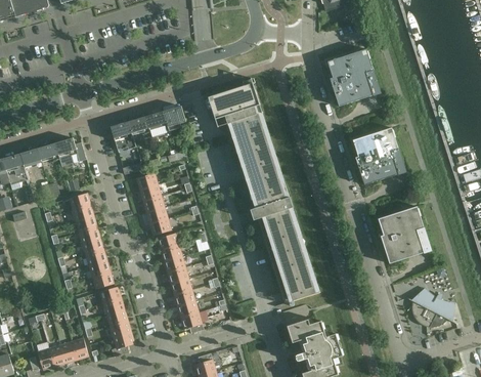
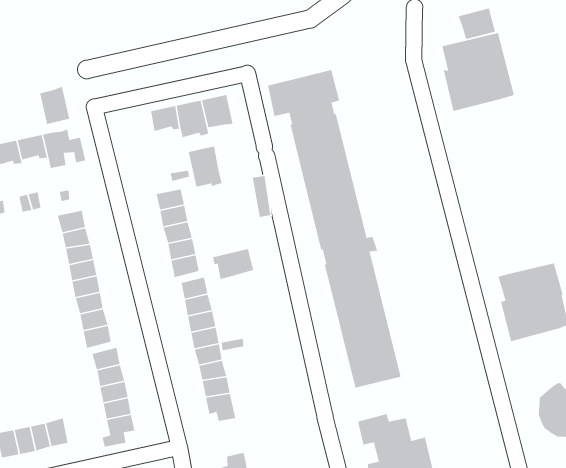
building: none -> [457,8,496,42]
building: none -> [38,86,70,125]
building: [111,121,136,151] -> [188,146,223,188]
building: [353,127,404,184] -> none
building: none -> [212,248,254,280]

